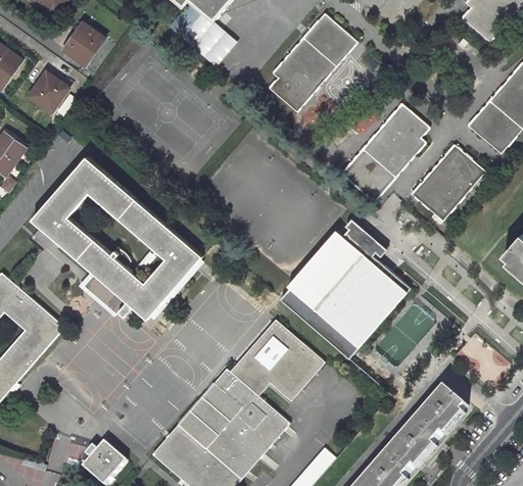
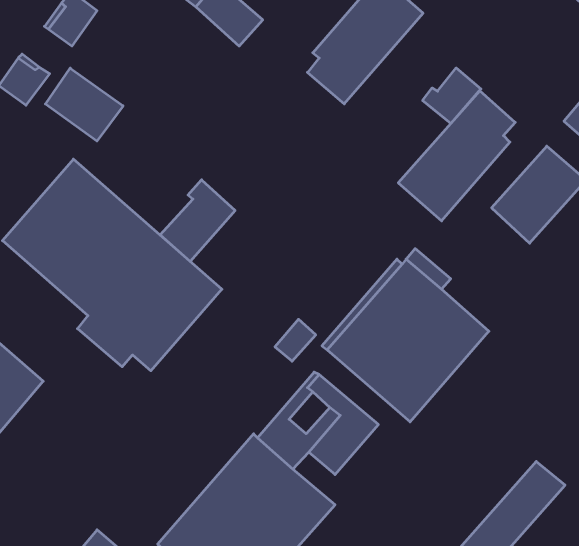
building: none -> [423,68,481,124]
building: none -> [45,68,123,141]
building: none -> [160,180,235,262]
building: [254,335,286,368] -> [275,319,316,361]

